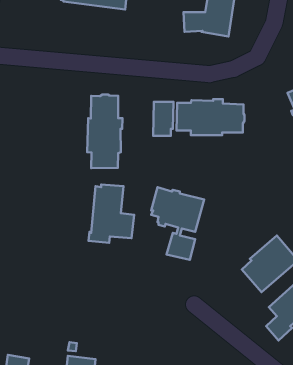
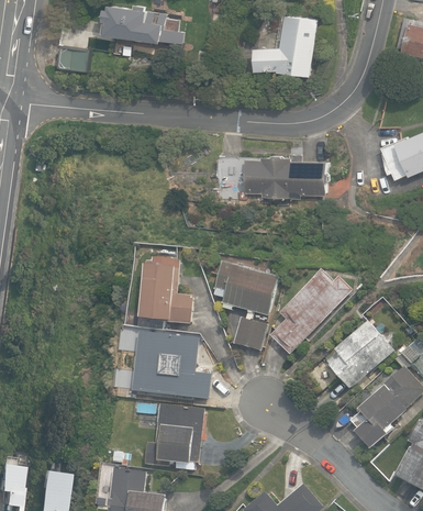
building: none -> [57,47,89,70]
building: [87,94,123,168] -> none
building: none -> [268,269,350,355]
building: none -> [131,332,211,400]
building: none -> [145,403,204,470]

